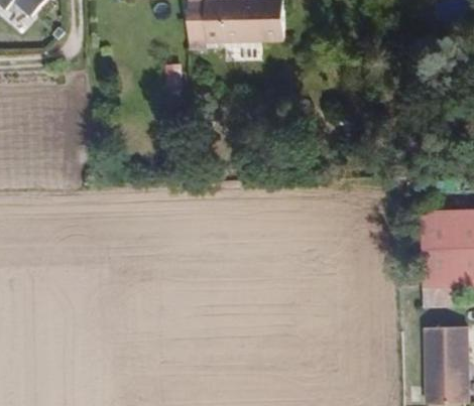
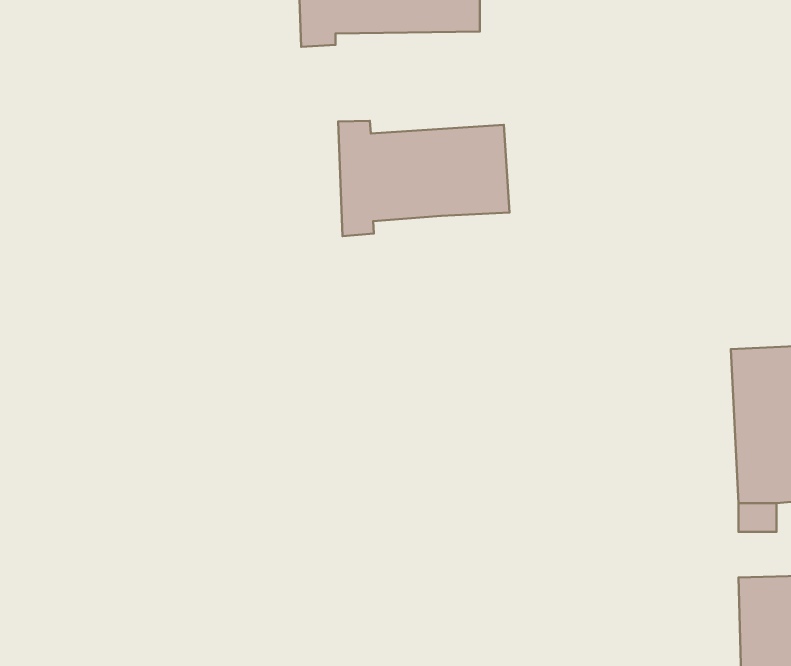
building: none -> [338,121,510,236]

